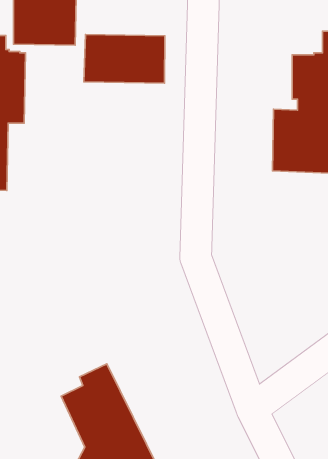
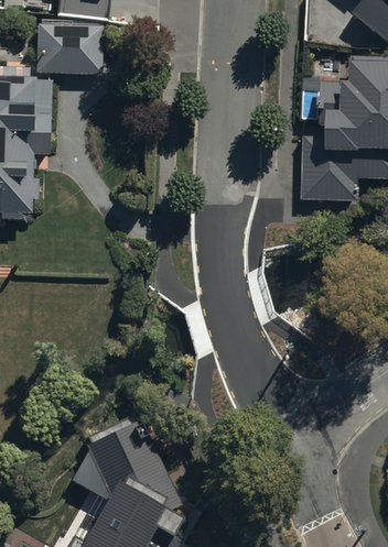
building: [84,35,165,83] -> none

